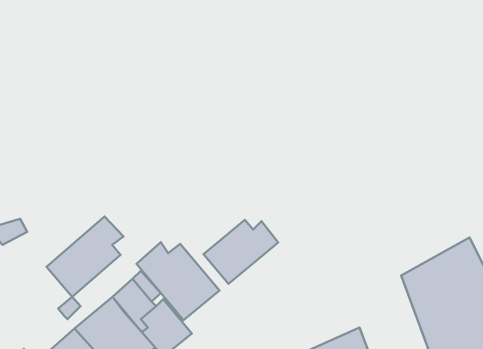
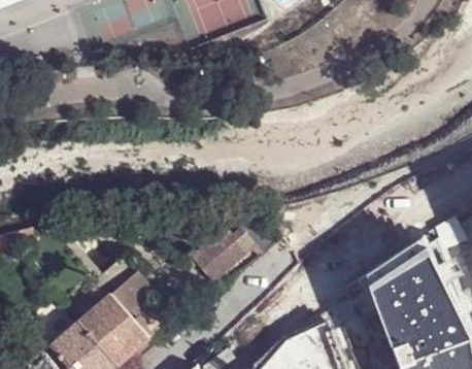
building: [47,217,123,297] -> none
building: [136,242,219,320] -> none

